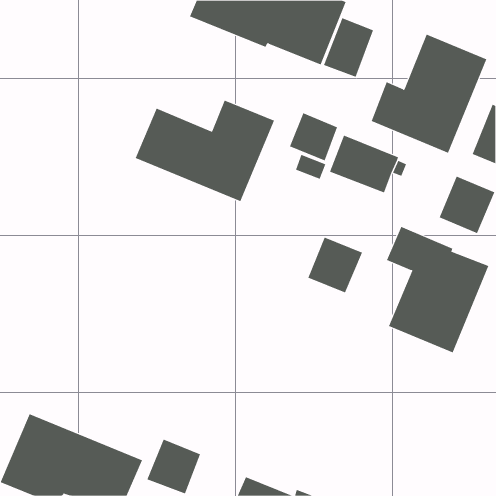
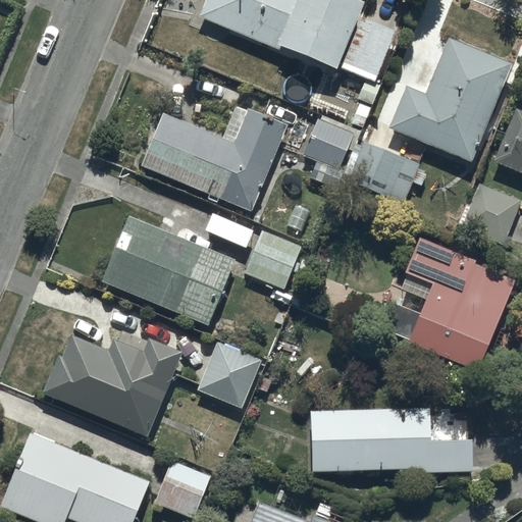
building: none -> [101,216,234,325]
building: [308,237,363,293] -> [244,230,302,290]
building: none -> [43,336,182,437]
building: none -> [198,343,261,408]
building: none -> [312,407,473,472]

